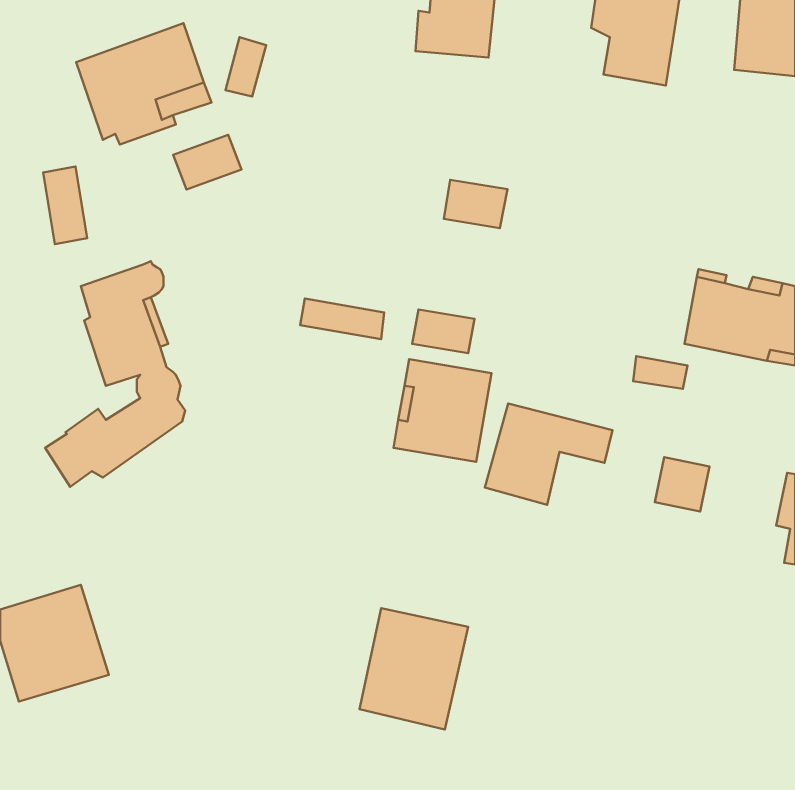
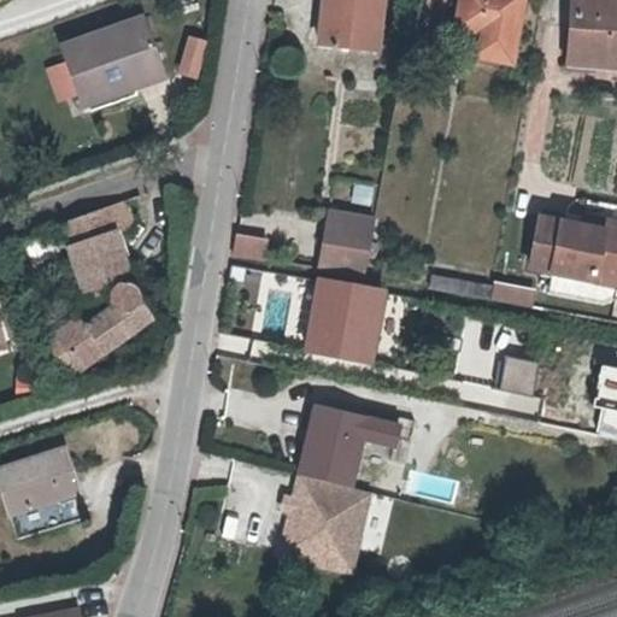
building: [173,135,241,189] -> none
building: [43,167,87,244] -> none
building: [444,180,508,228] -> [324,210,374,247]
building: [485,404,612,505] -> [299,401,398,480]

